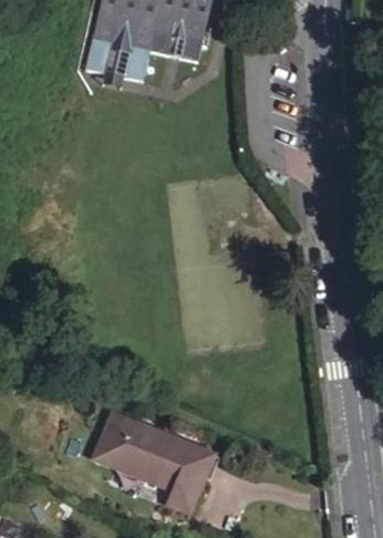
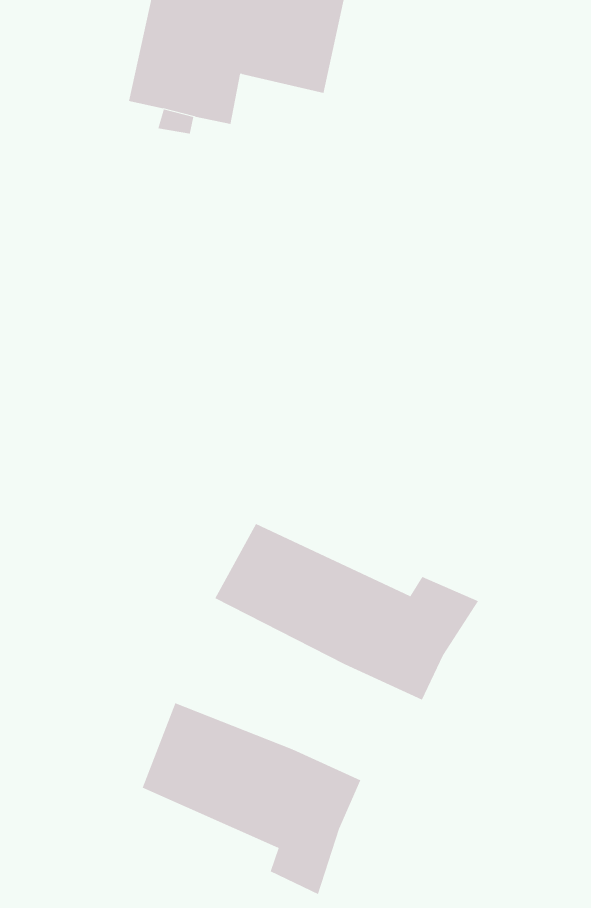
building: none -> [215,523,479,700]

